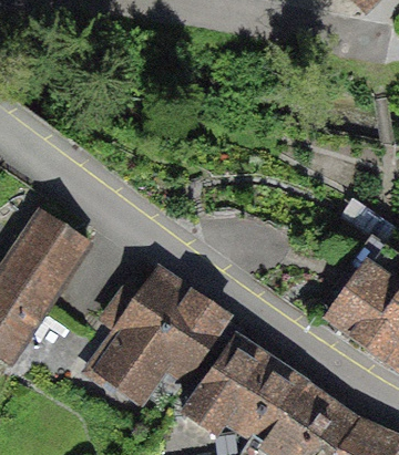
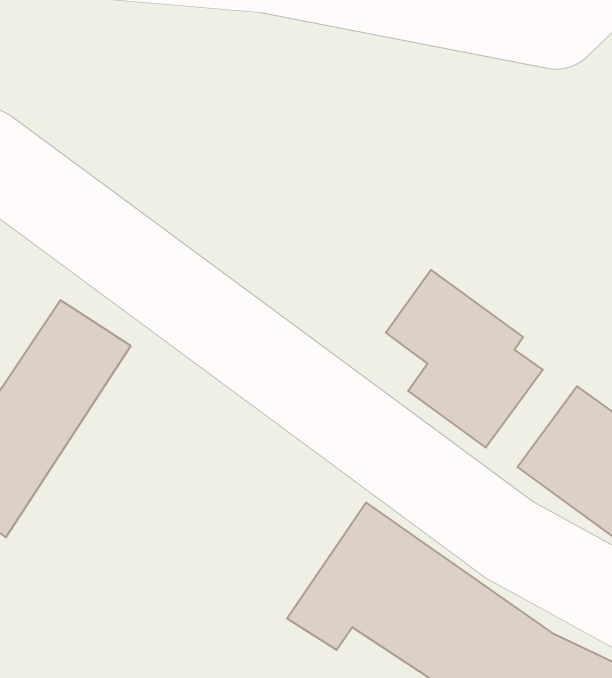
building: none -> [386,270,543,448]
building: [100,273,226,402] -> none

